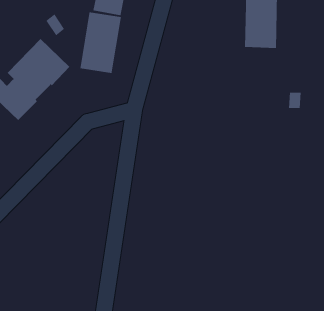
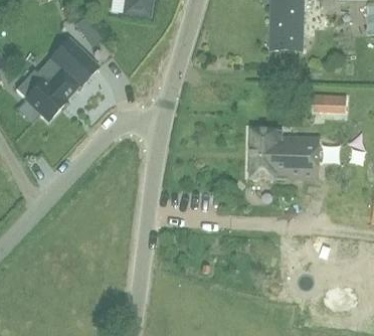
building: [80,11,121,74] -> none
building: none -> [251,129,321,178]

